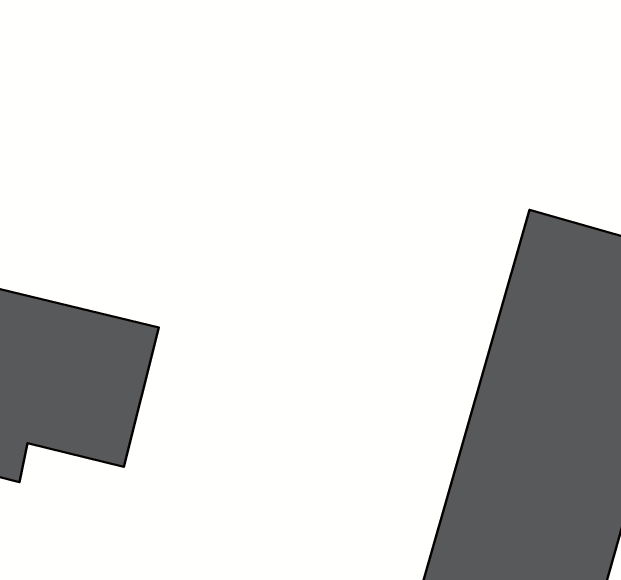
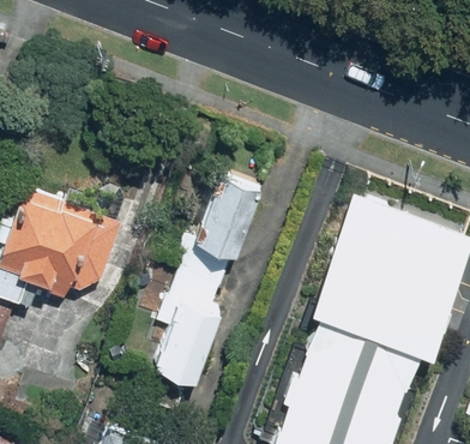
building: none -> [147,176,264,386]

